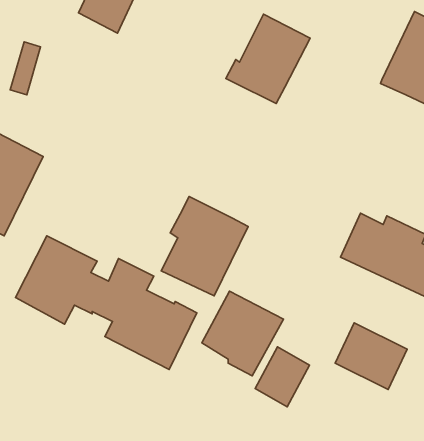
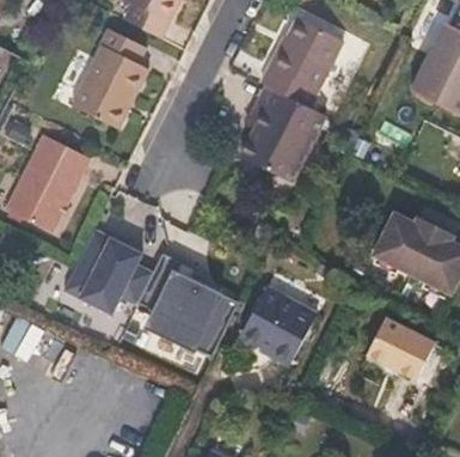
building: none -> [72,33,147,132]
building: [161,196,248,296] -> [244,86,326,181]
building: [255,347,310,407] -> none

